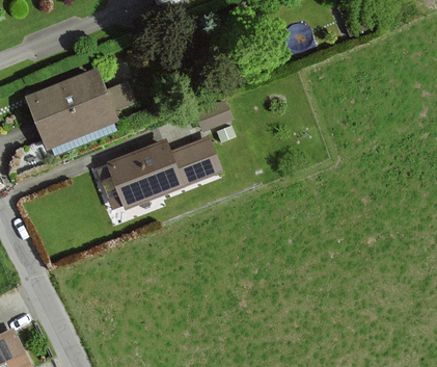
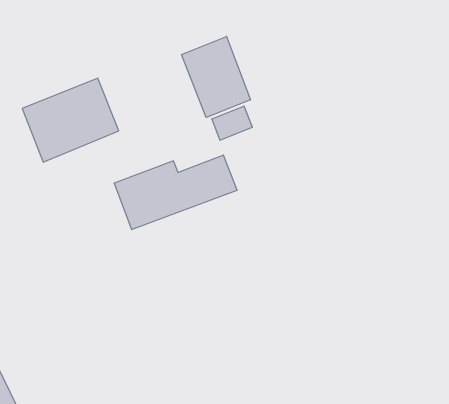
building: none -> [181,36,250,117]

